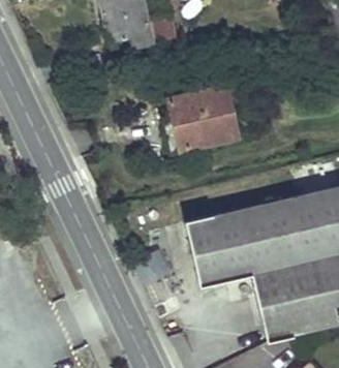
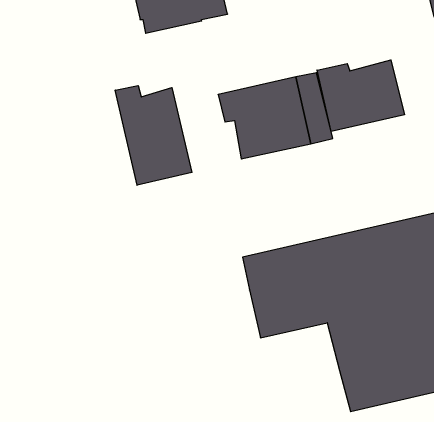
building: none -> [317,60,404,132]
building: none -> [115,86,192,185]

